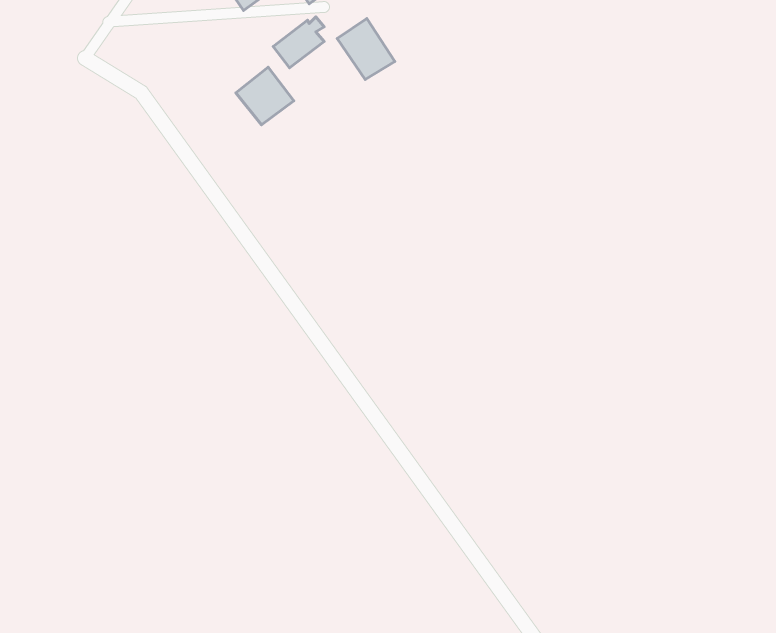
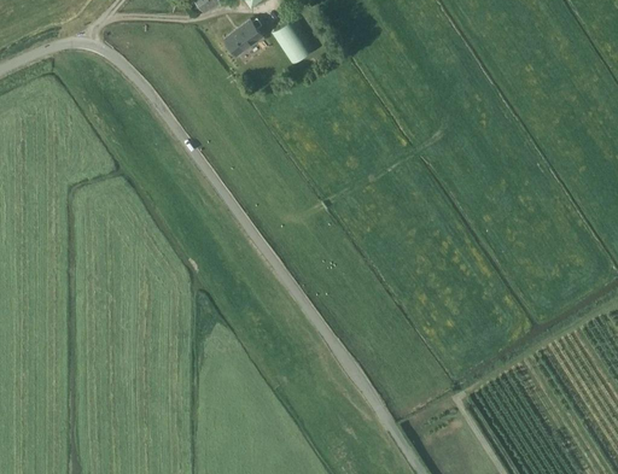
building: [236,67,294,125] -> none

